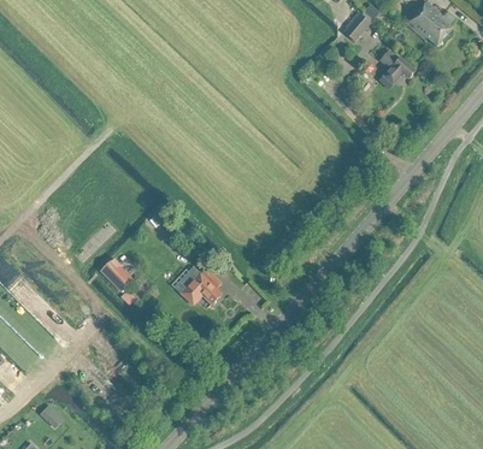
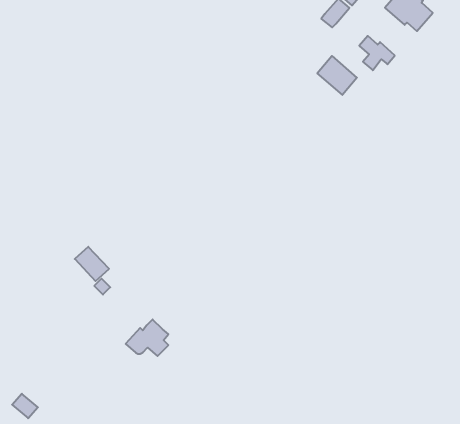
building: none -> [317,56,357,95]
building: [179,268,222,305] -> [126,319,168,356]

